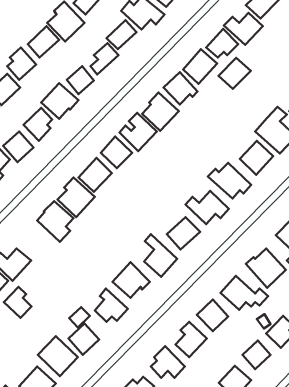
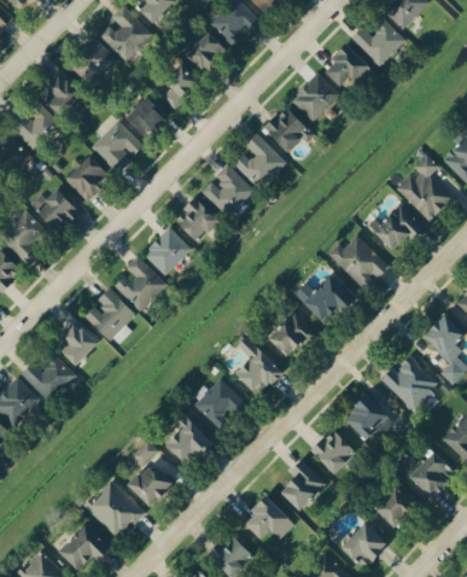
building: [219,58,251,89] -> none
building: none -> [59,321,98,365]
building: [4,287,32,318] -> none

